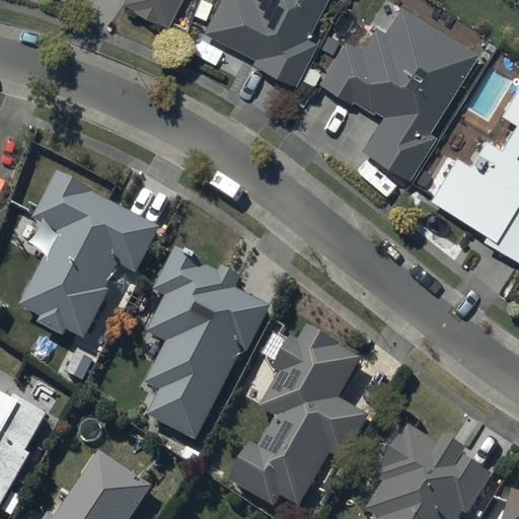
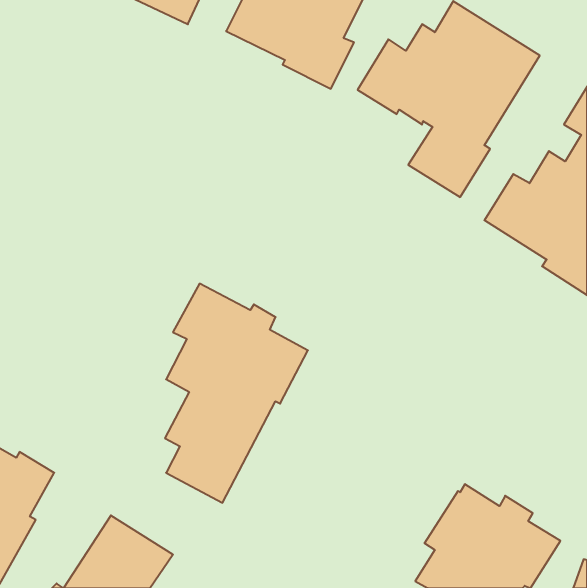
building: [21,172,159,342] -> none
building: [228,326,367,510] -> none

